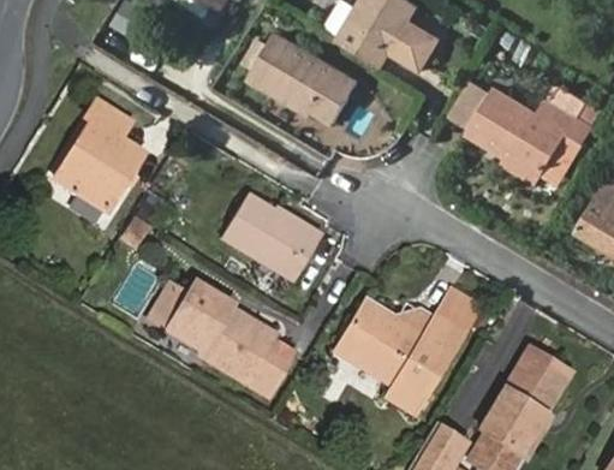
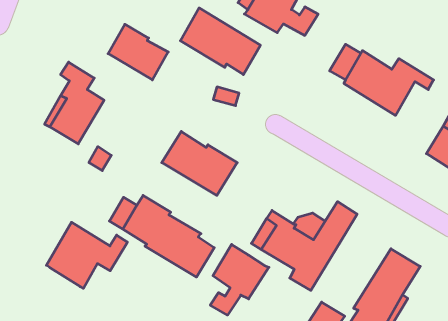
building: none -> [108,24,168,80]
building: none -> [46,222,127,288]
building: none -> [210,244,269,315]

